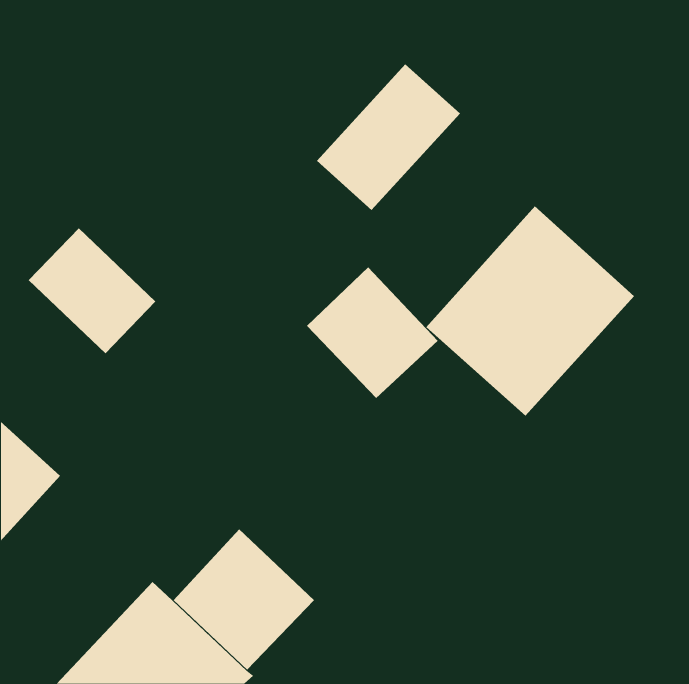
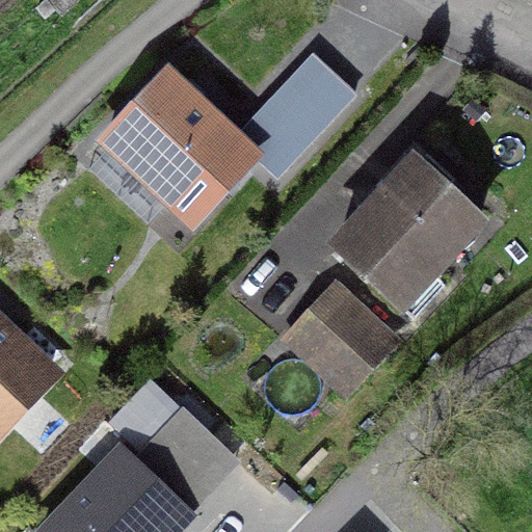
building: none -> [97,71,250,223]
building: [28,227,156,354] -> none
building: [306,266,438,399] -> [296,275,398,377]

